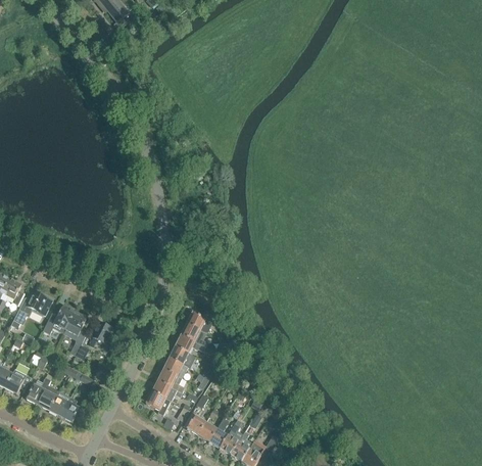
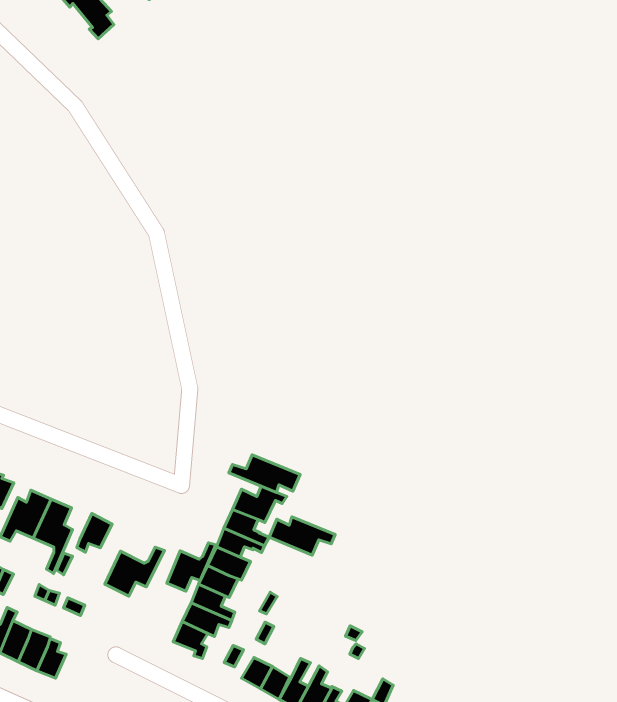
building: none -> [229,455,300,492]
building: none -> [269,517,335,555]
building: none -> [167,543,216,591]
building: none -> [105,547,165,596]

